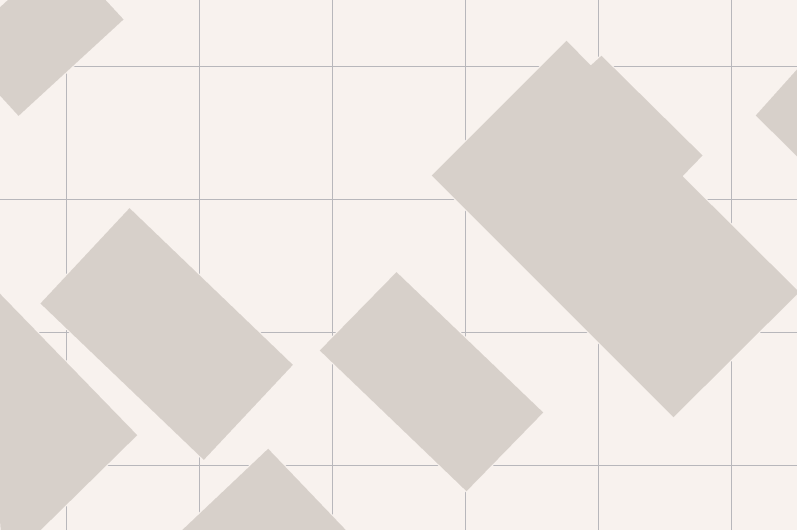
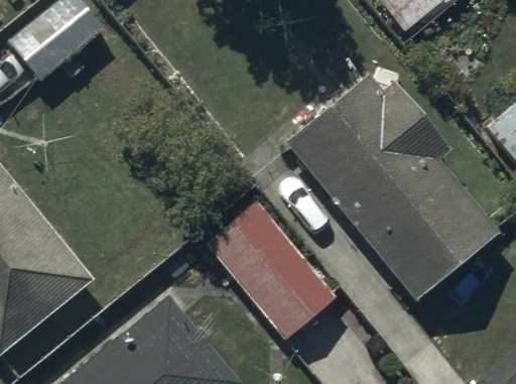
building: [39,207,294,461] -> none

